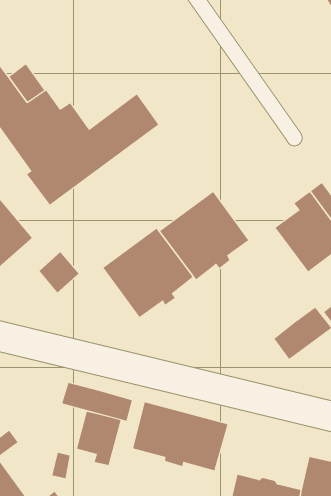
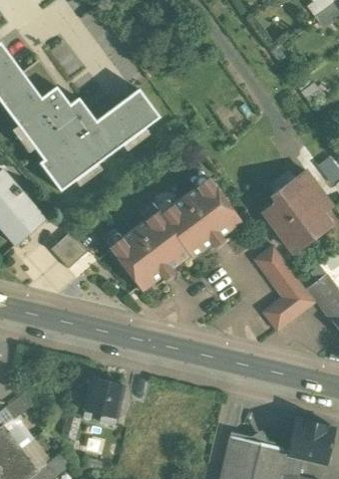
building: none -> [253,245,300,297]
building: [61,382,132,421] -> none
building: [133,402,228,471] -> none

